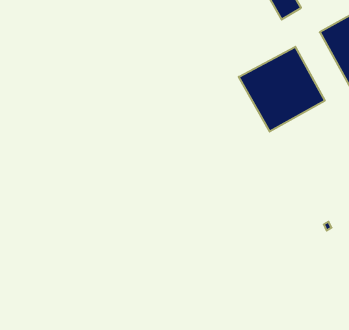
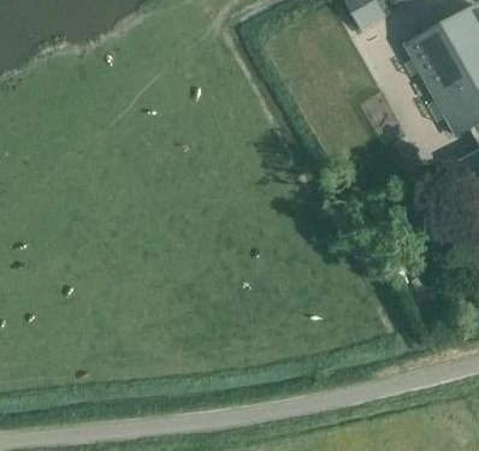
building: [239,47,325,132] -> none

